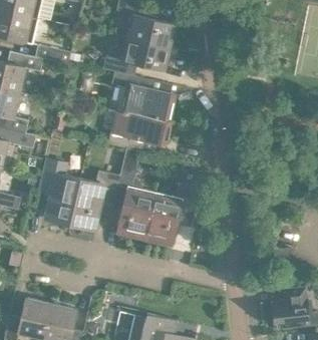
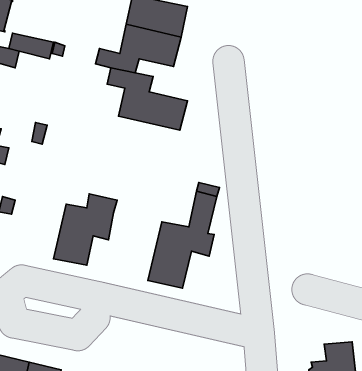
building: [112,109,169,144] -> none
building: [116,155,154,239] -> none
building: [38,157,79,222] -> none

